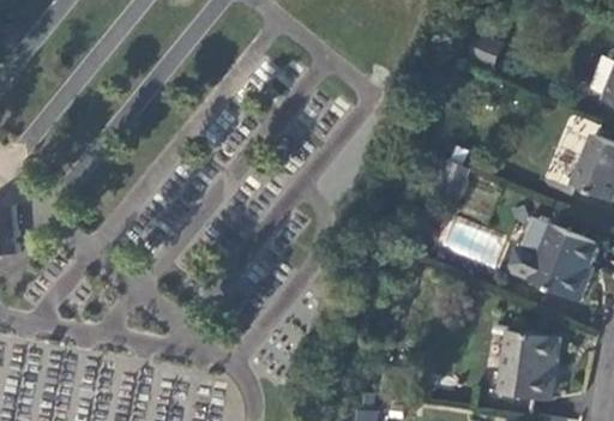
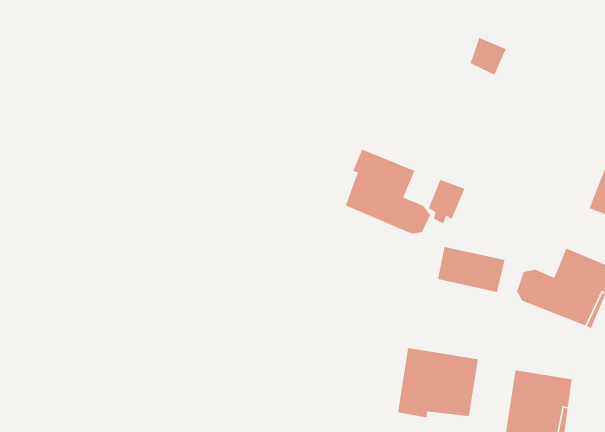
building: none -> [345,148,431,235]
building: none -> [397,347,479,418]

